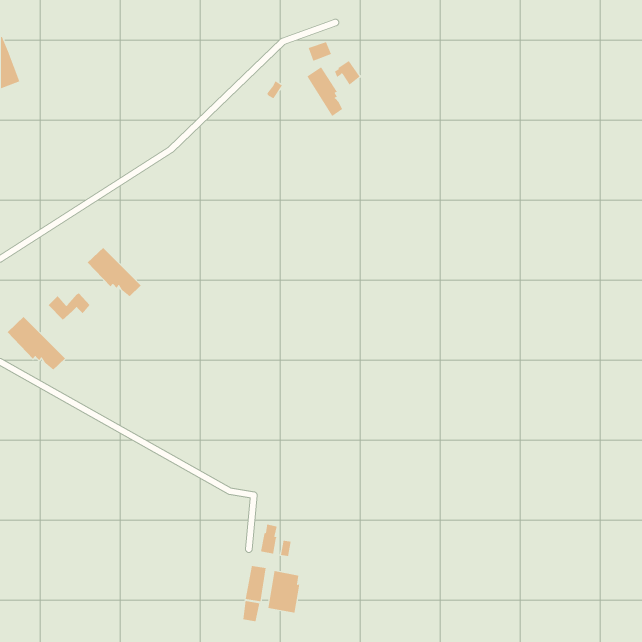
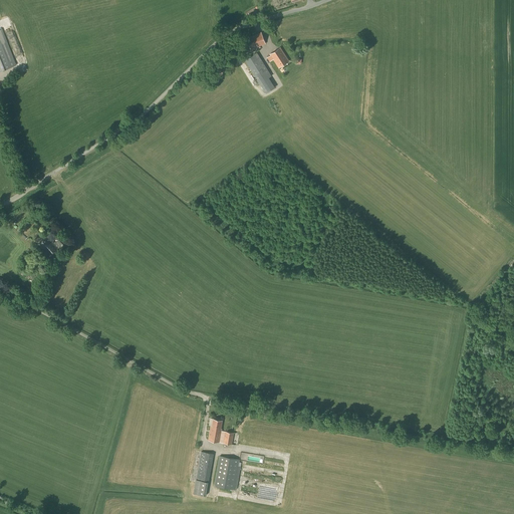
building: [87,247,142,297] -> none
building: [7,316,66,371] -> none

